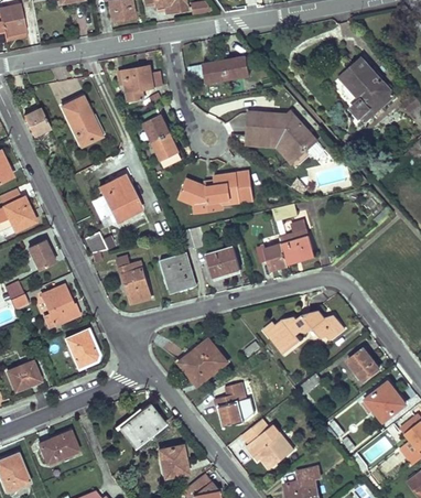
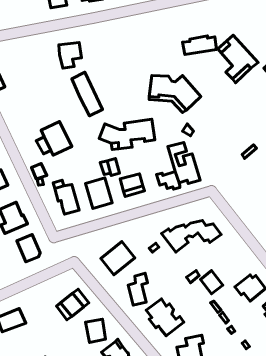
building: [203,57,249,83] -> [182,36,216,54]
building: [62,97,101,147] -> none
building: [348,348,379,380] -> [200,271,223,294]

